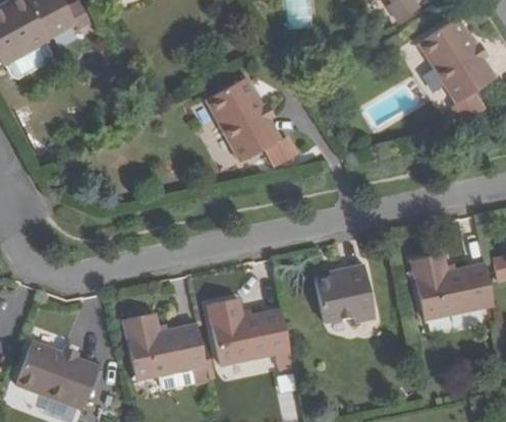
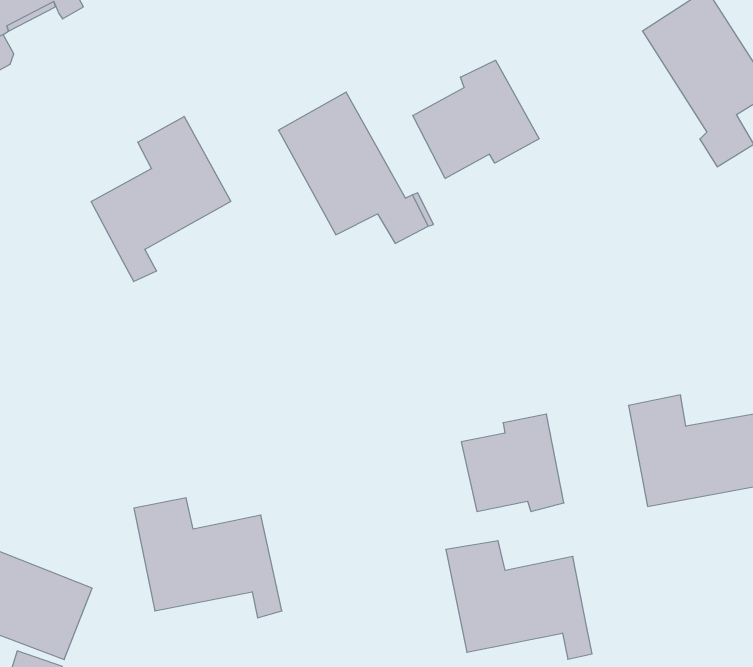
building: none -> [413,60,539,178]
building: none -> [91,116,231,282]
building: [207,300,292,369] -> [446,541,592,659]

